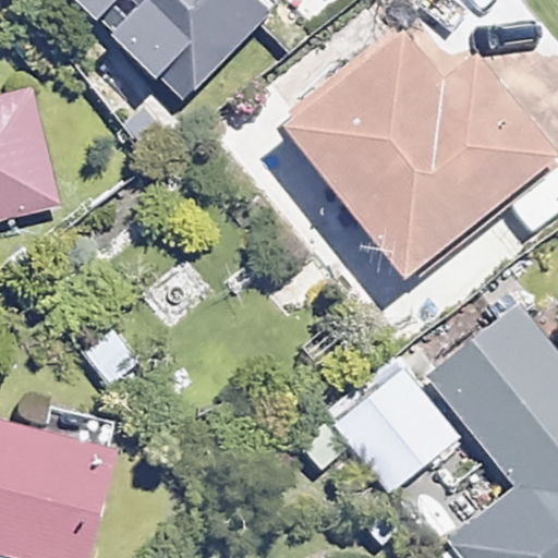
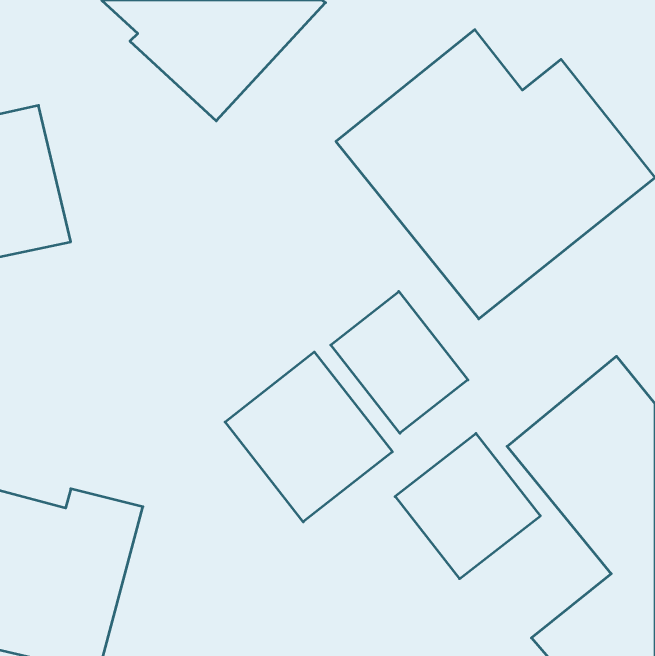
building: none -> [331,291,468,433]
building: none -> [225,352,392,522]

